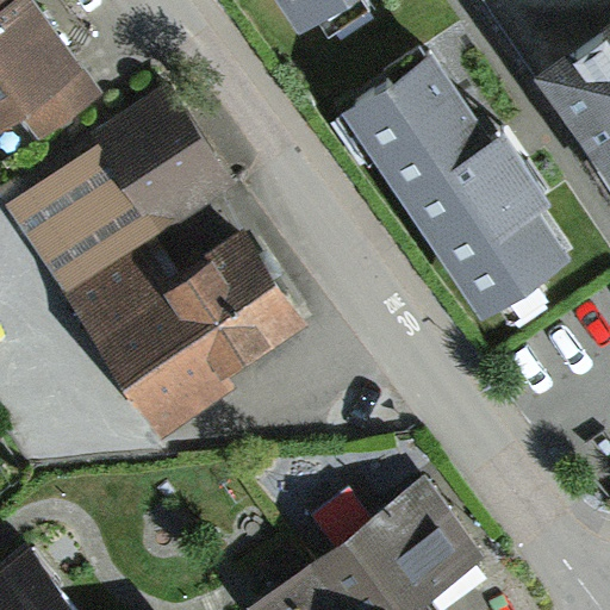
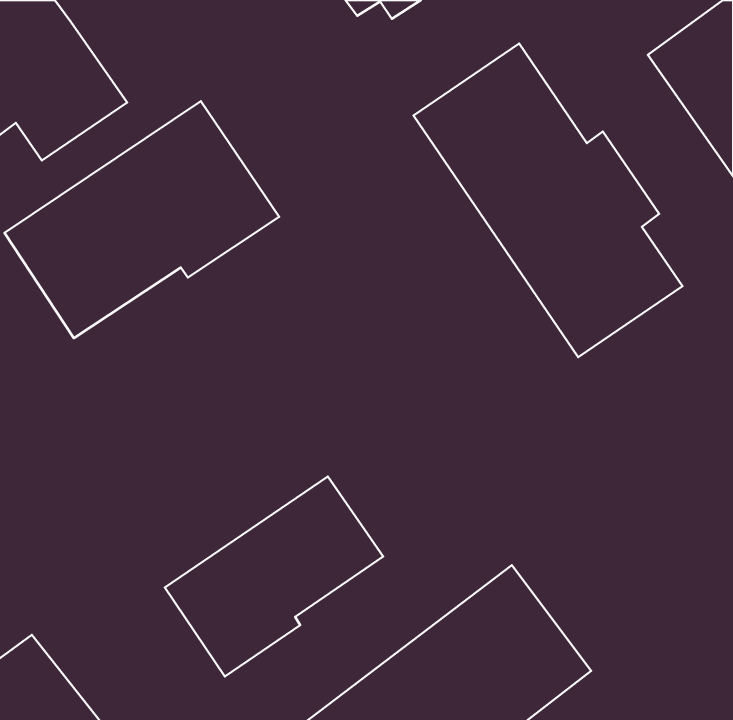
building: [61,235,301,435] -> none
building: none -> [165,477,383,676]

